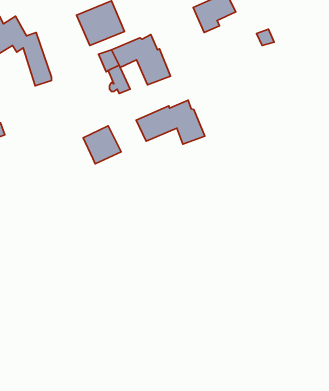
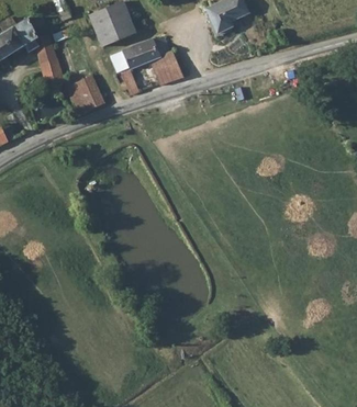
building: [136,100,205,144] -> none
building: [83,126,121,164] -> [67,75,105,113]

